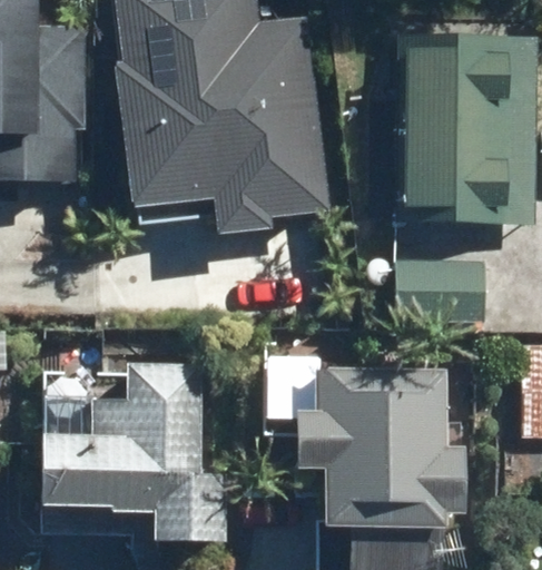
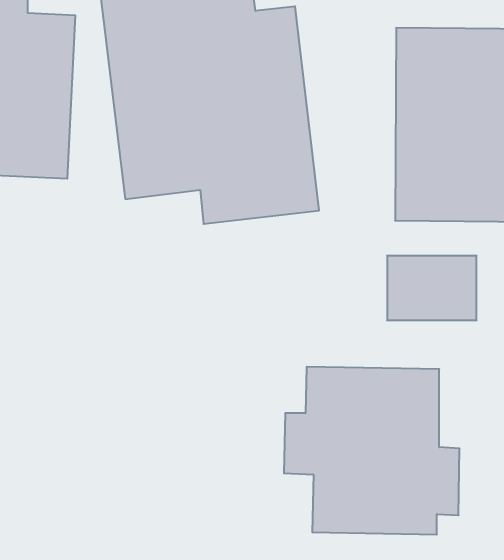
building: [38,365,226,543] -> none

